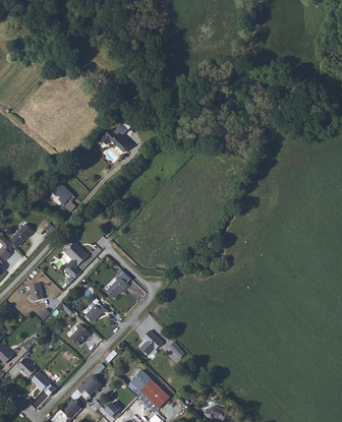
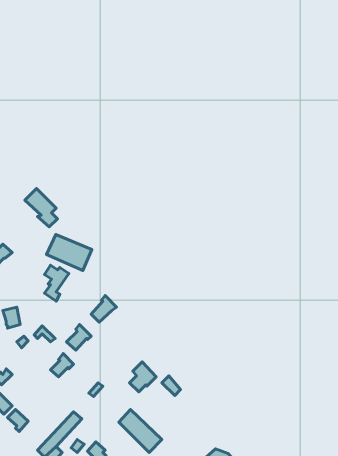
building: [98,124,128,152] -> none
building: none -> [46,235,92,271]

